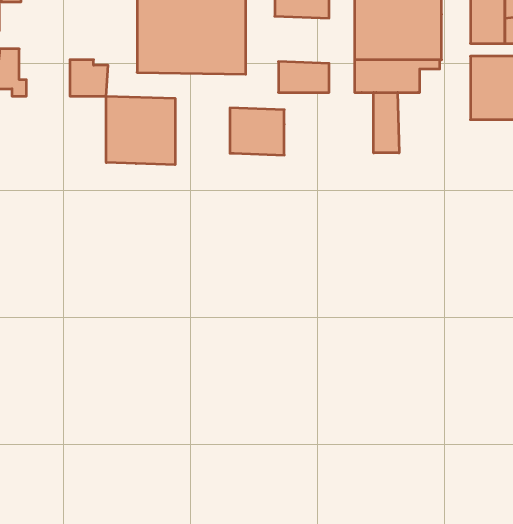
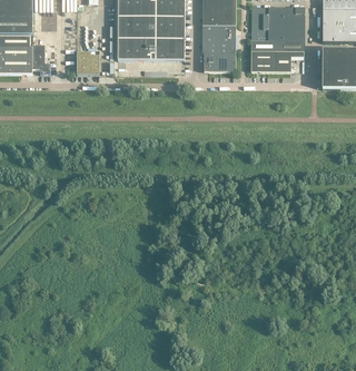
building: [374,92,399,153] -> none
building: [106,96,175,165] -> none
building: [230,108,284,155] -> [202,25,236,53]

